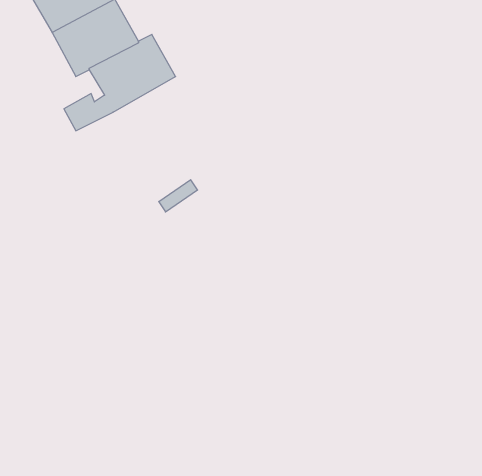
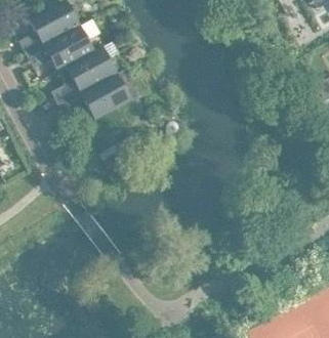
building: none -> [79,71,131,118]

